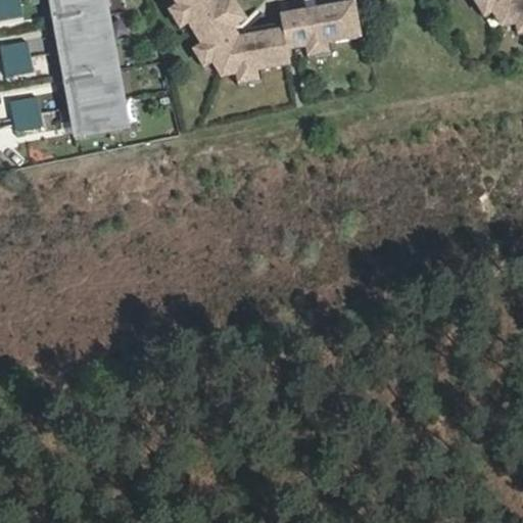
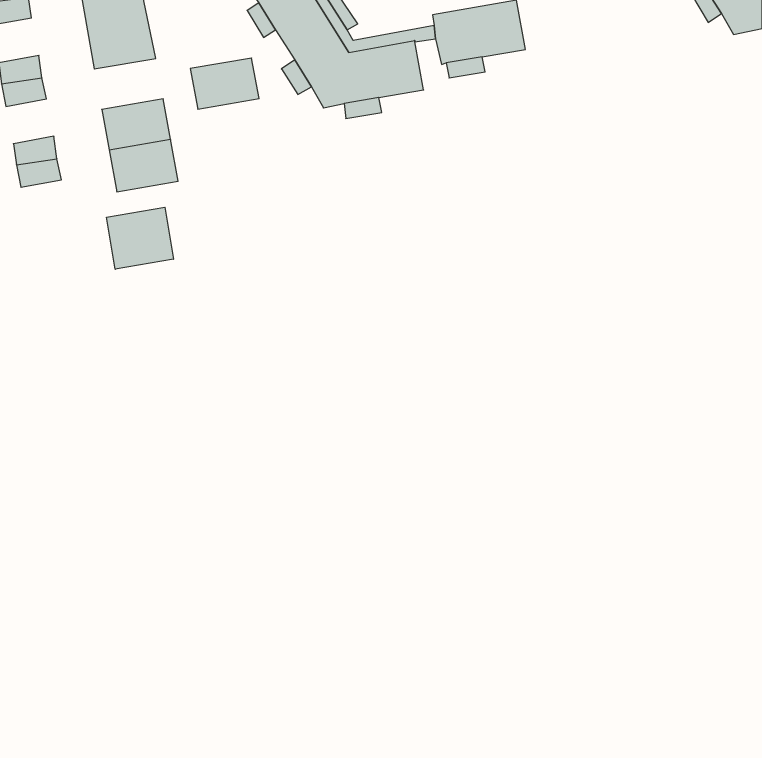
building: [64,40,111,75] -> [190,58,259,109]
building: none -> [107,207,173,269]

